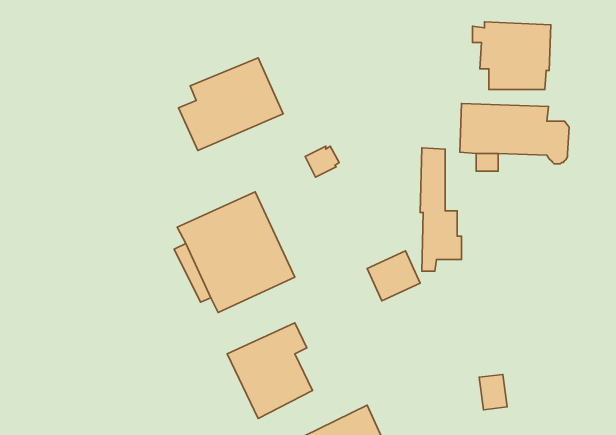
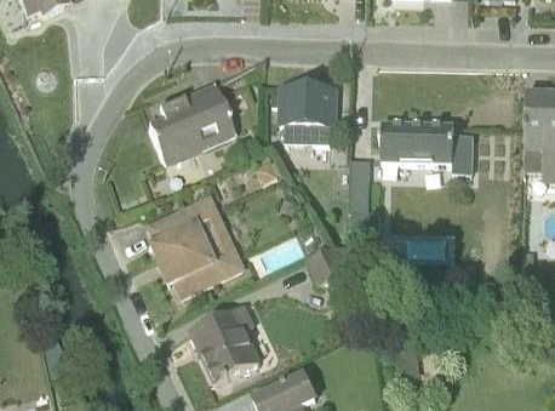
building: [473,22,551,90] -> [270,85,334,141]

